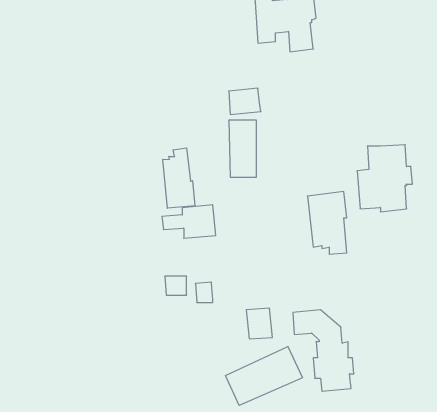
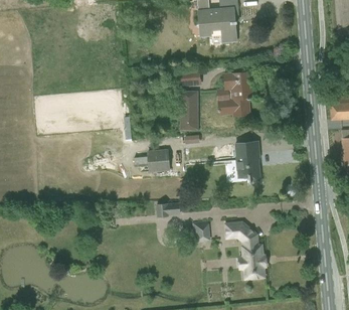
building: [357,145,412,212] -> [216,70,254,117]
building: [163,148,195,208] -> none
building: [225,346,303,405] -> none

